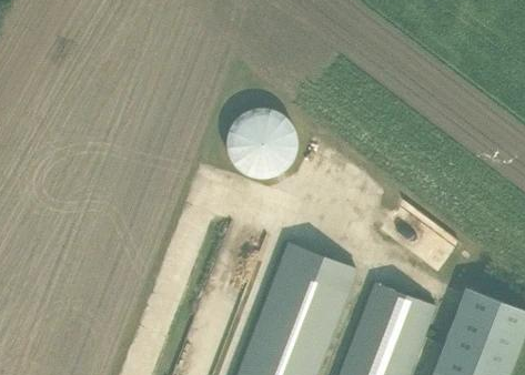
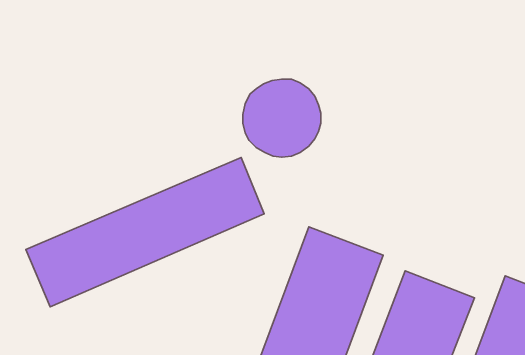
building: none -> [26,158,264,307]

